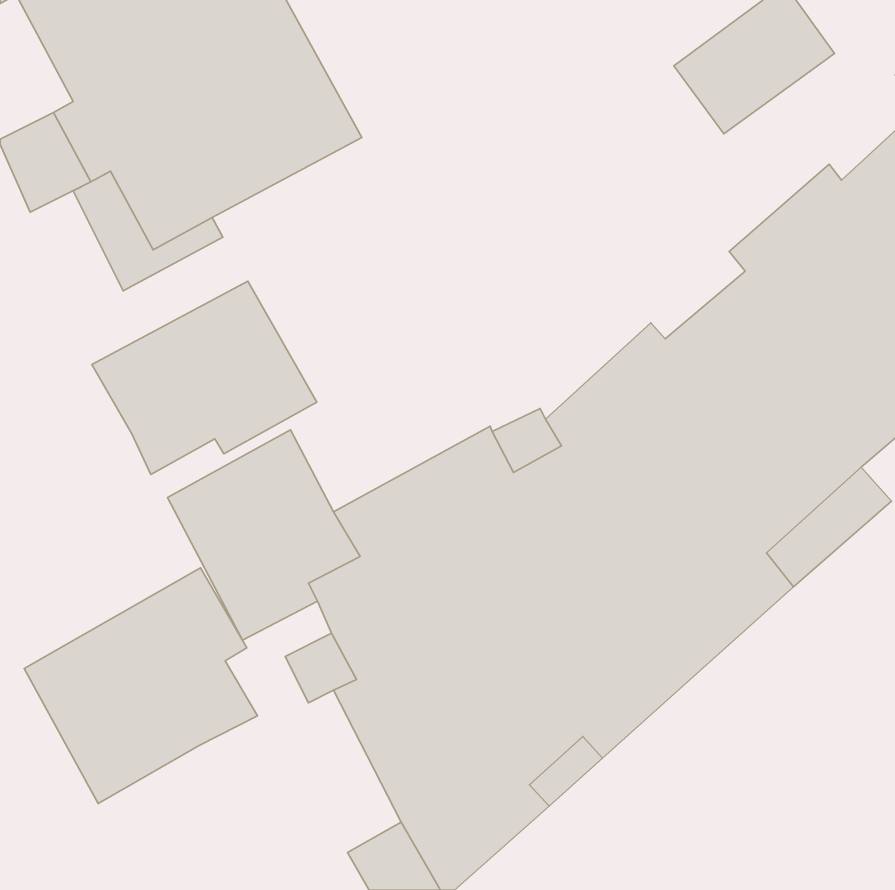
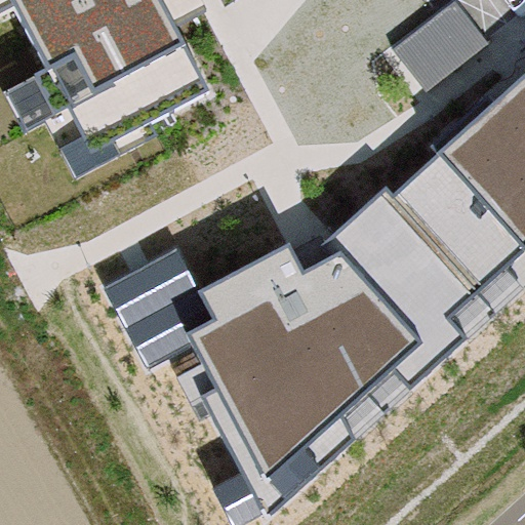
building: [92,281,317,475] -> none
building: [24,568,258,803] -> none

